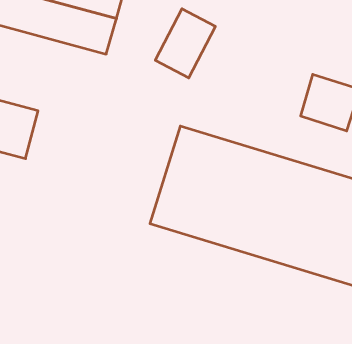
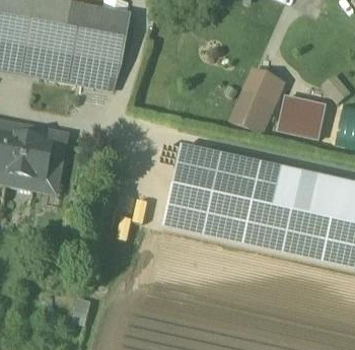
building: [155,9,215,78] -> [237,74,284,130]

